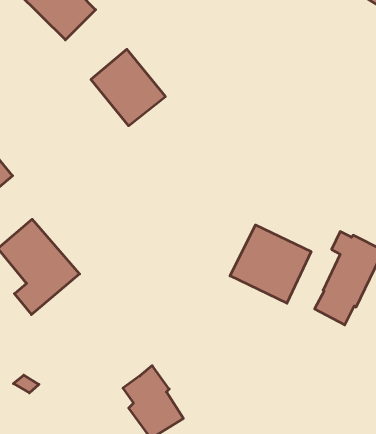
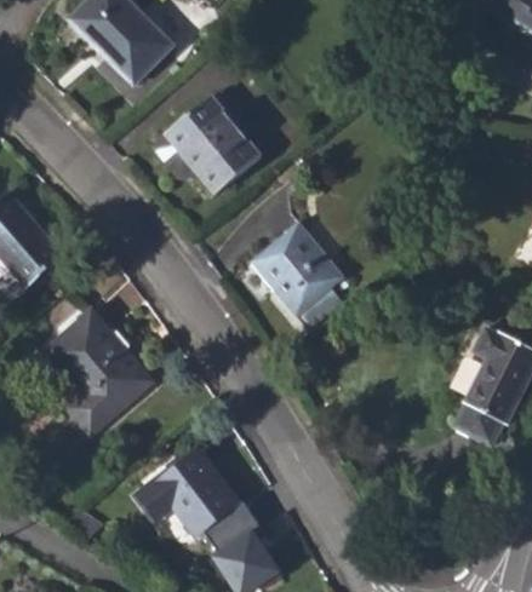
building: none -> [250,223,343,317]
building: [230,225,311,303] -> none
building: none -> [135,446,244,538]

